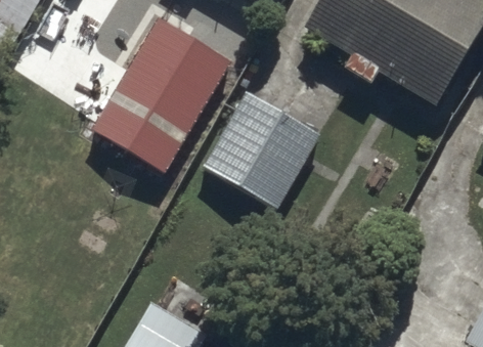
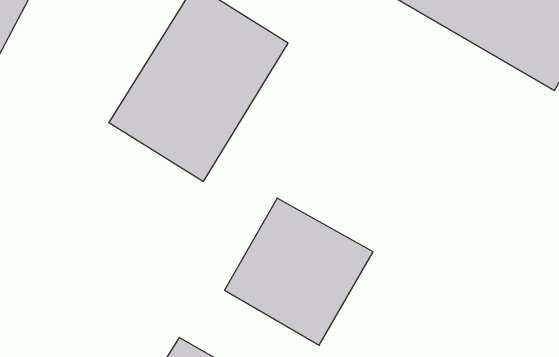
building: [203,89,321,207] -> [225,198,373,345]

